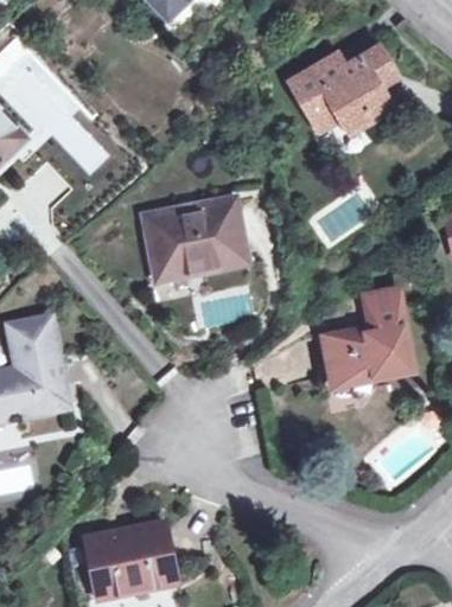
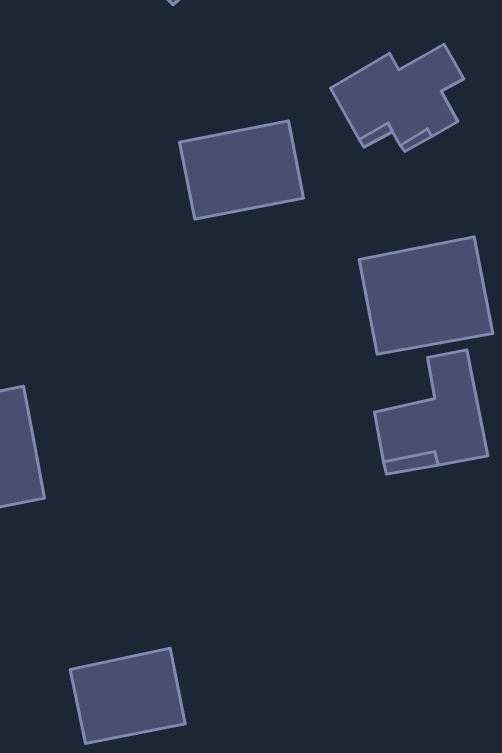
building: [147,199,244,276] -> [180,121,304,219]
building: none -> [359,237,493,354]

